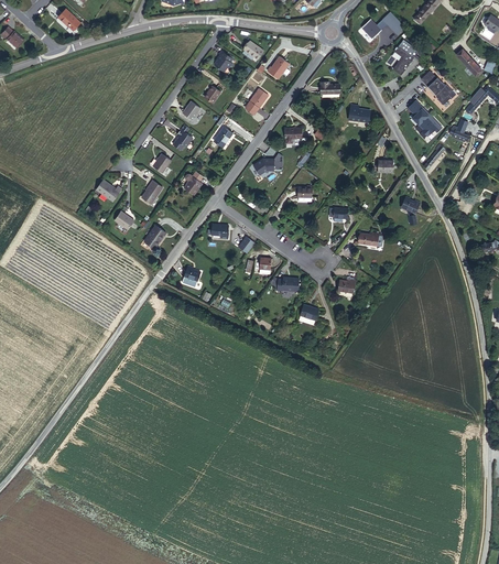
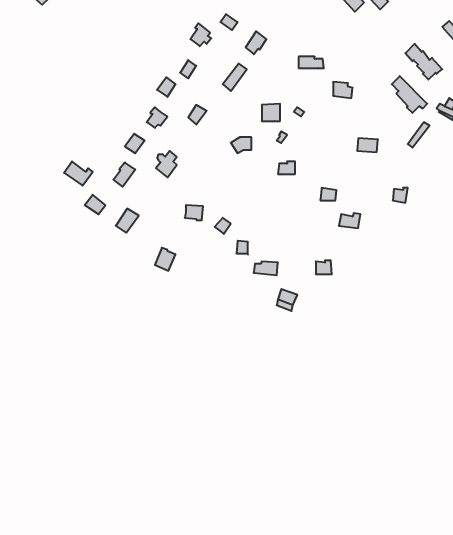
building: [394,41,423,75] -> none

